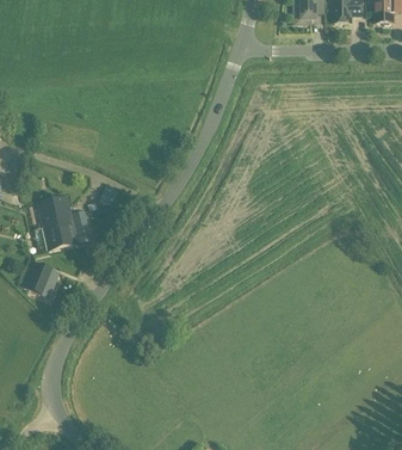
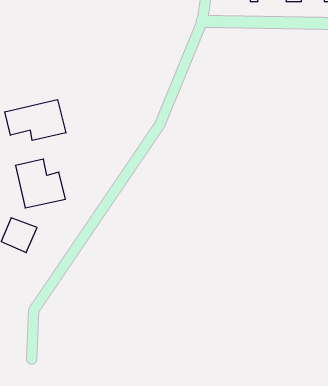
building: none -> [5,100,66,140]

